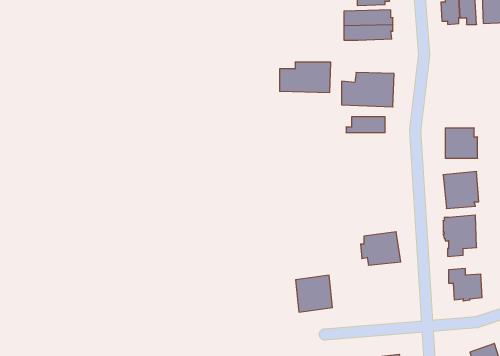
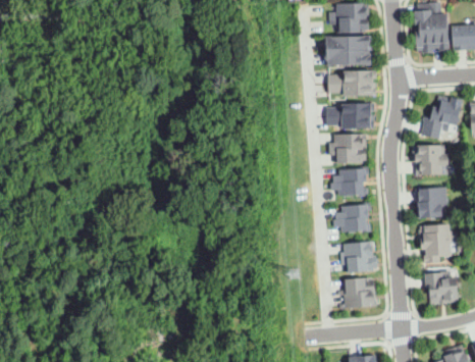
building: [280,62,331,92] -> [325,65,372,93]
building: none -> [421,96,465,139]
building: none -> [328,150,364,164]
building: none -> [329,171,366,194]
building: none -> [333,205,371,232]
building: [296,275,332,312] -> [345,276,378,310]

